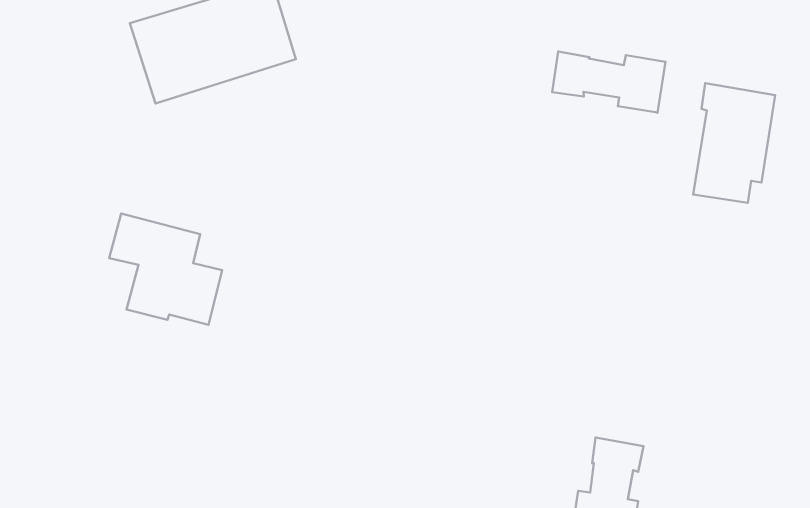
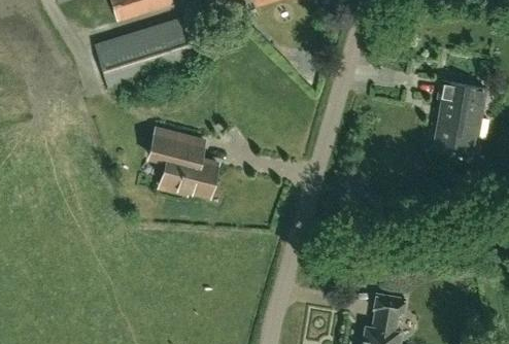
building: [552,51,665,113] -> none
building: [109,213,222,325] -> [148,128,216,195]

